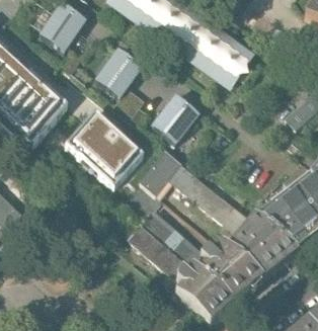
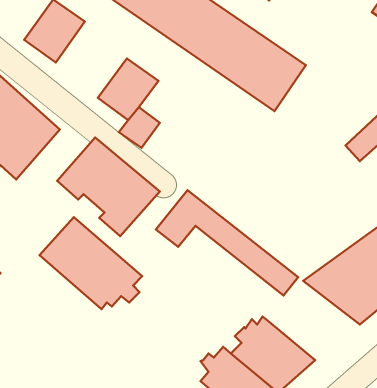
building: [151,91,198,140] -> none
building: [129,208,208,278] -> [40,217,142,309]
building: [227,218,297,278] -> none

